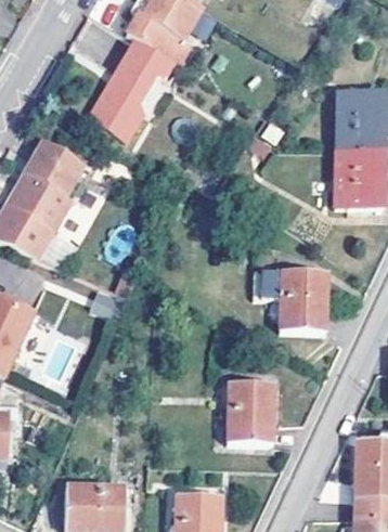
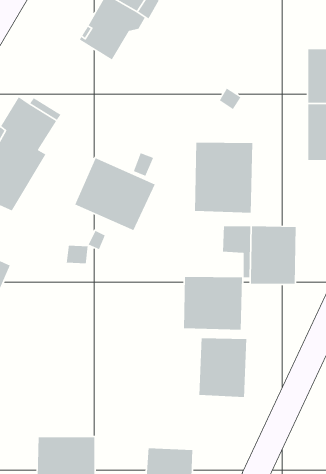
building: [87,85,146,143] -> none
building: none -> [194,142,253,213]
building: none -> [74,157,156,231]
building: none -> [183,276,243,331]

